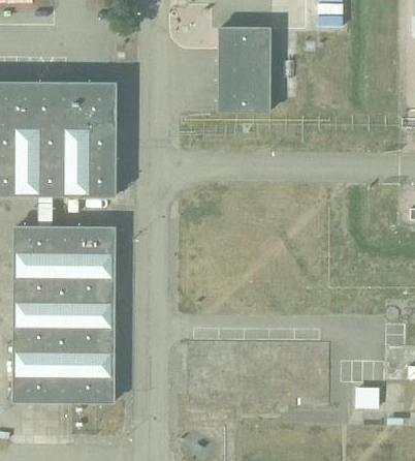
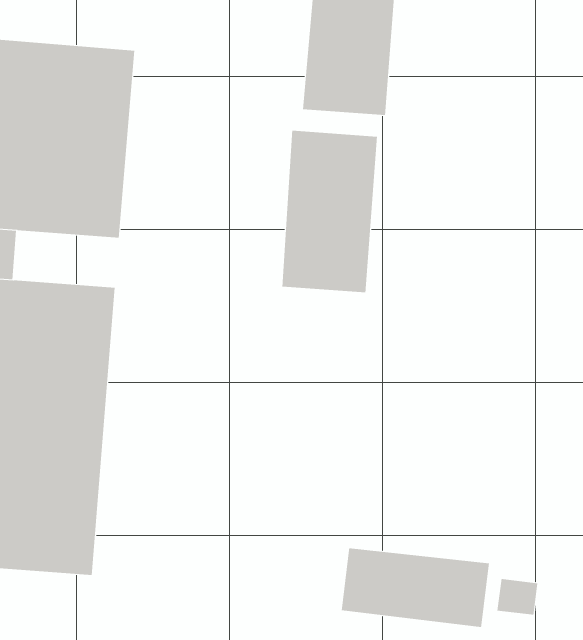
building: none -> [282,130,377,293]
building: none -> [341,547,489,628]

